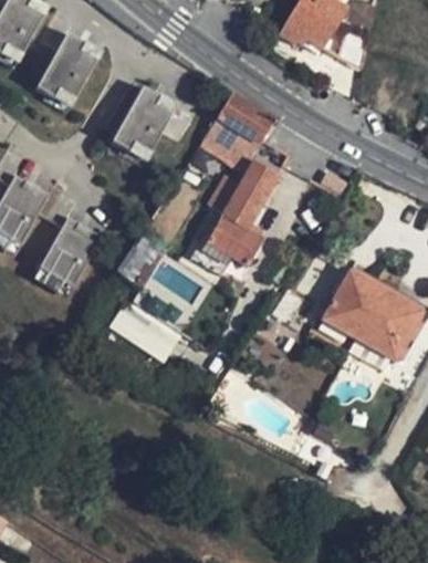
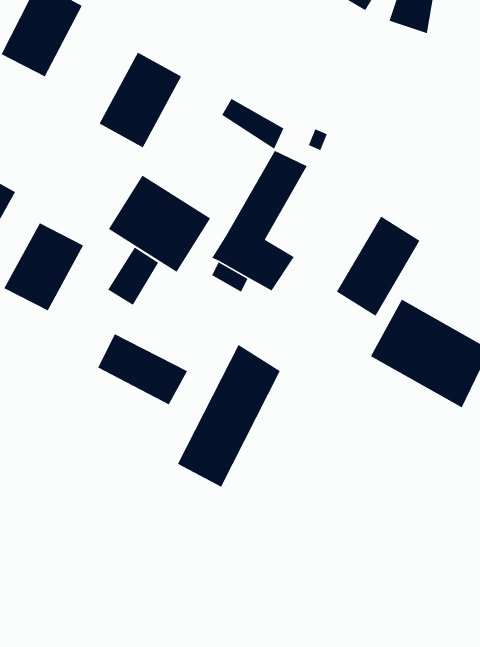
building: [212,93,271,146] -> none
building: none -> [108,174,211,273]
building: none -> [336,216,421,317]
building: none -> [177,344,281,488]

